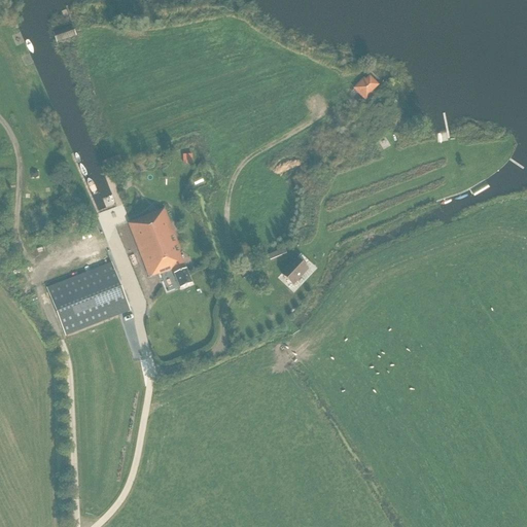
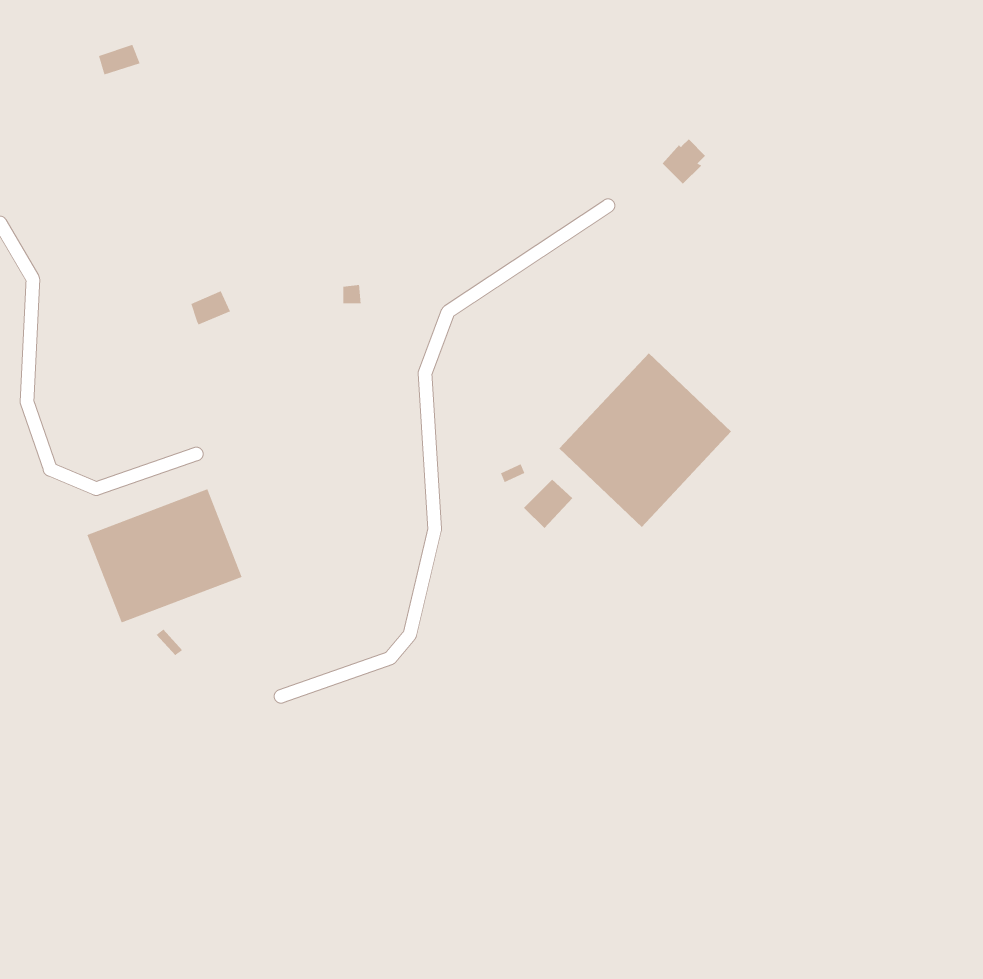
building: none -> [559,352,732,528]
building: [128,207,191,287] -> none

